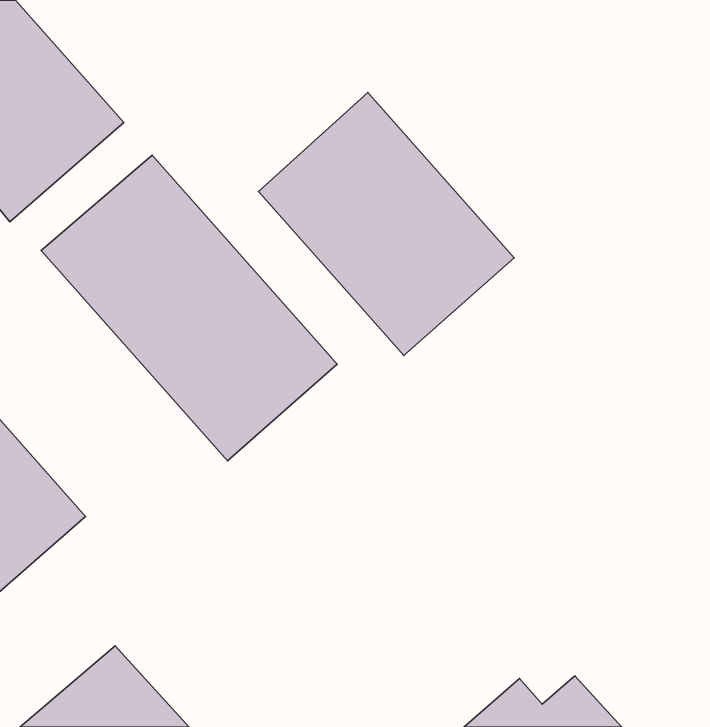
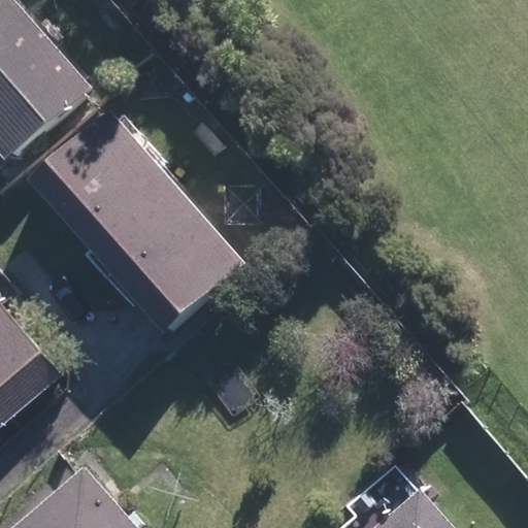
building: [259,92,514,356] -> none

